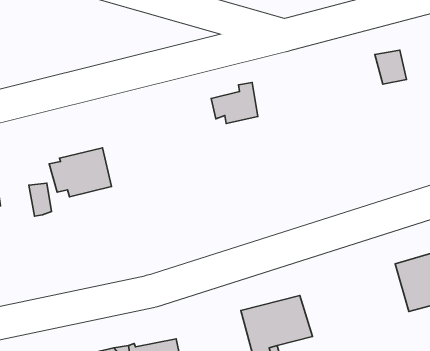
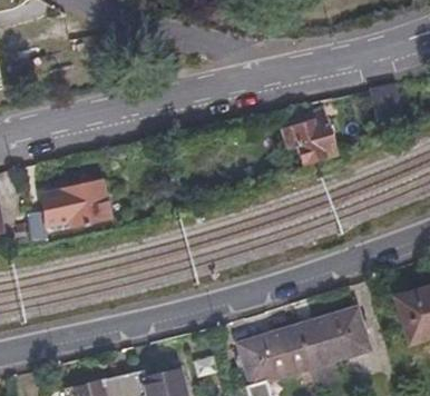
building: [211,82,258,123] -> [284,112,330,152]
building: none -> [299,309,370,365]

